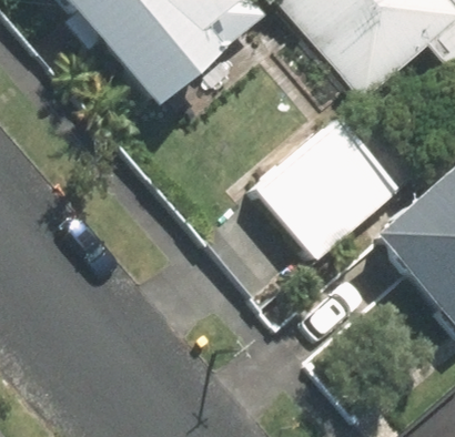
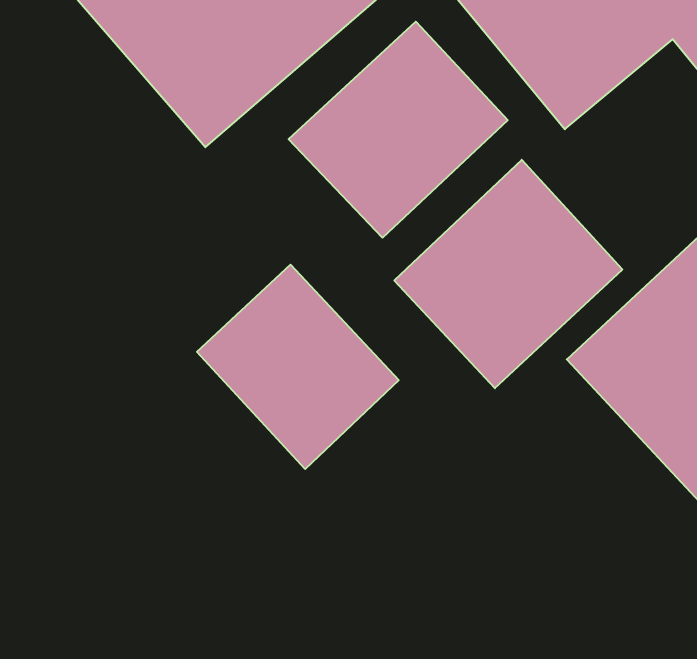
building: none -> [289,22,508,238]
building: none -> [197,265,399,469]

